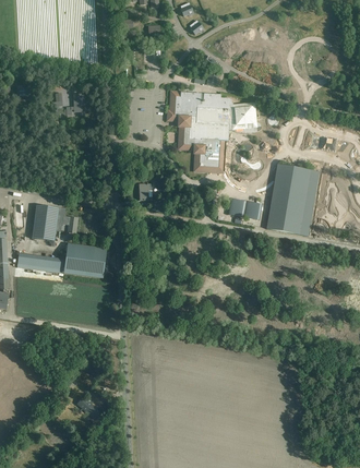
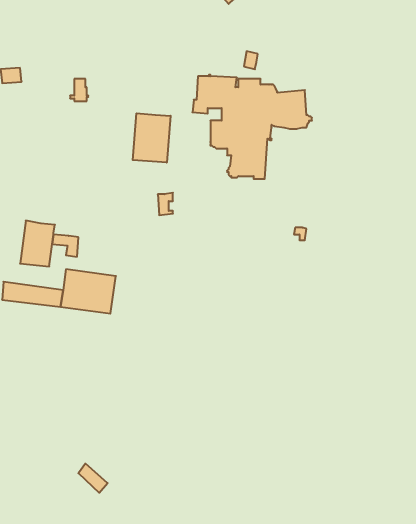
building: none -> [133,113,171,163]
building: [267,165,319,236] -> none

